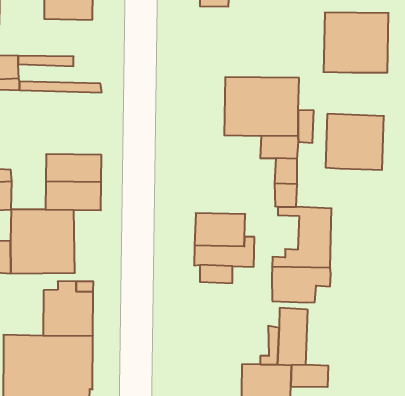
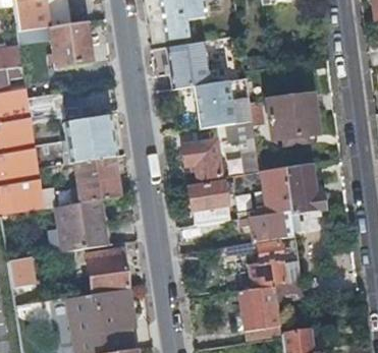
building: [323,13,389,73] -> [167,39,219,89]
building: none -> [65,115,116,162]
building: none -> [182,139,221,179]
building: none -> [285,163,327,214]

